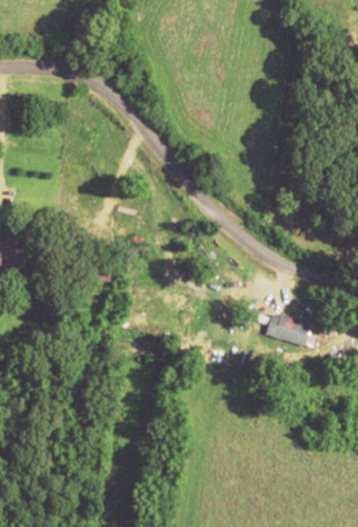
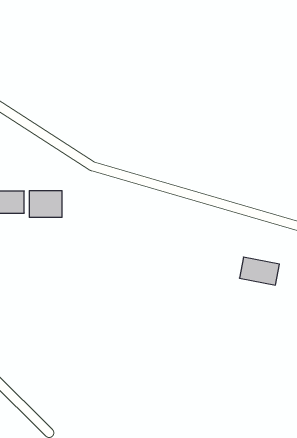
building: none -> [29,191,62,217]

